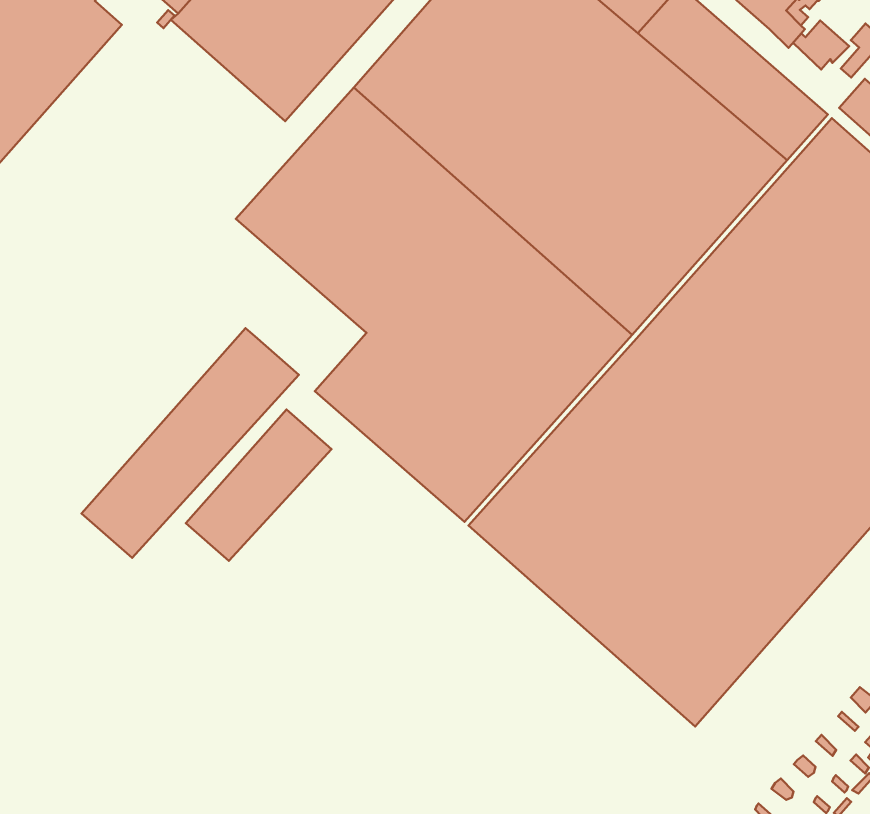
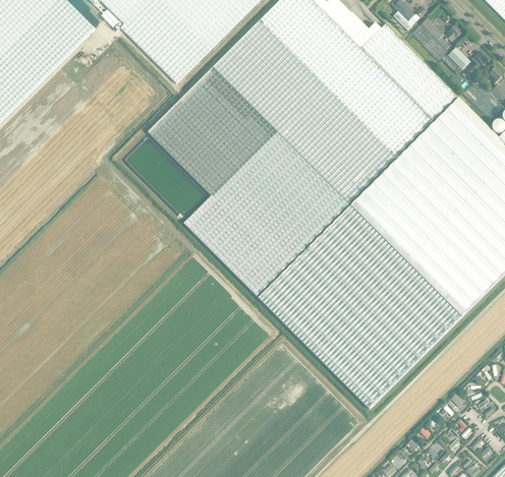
building: [81,328,299,558] -> none
building: [186,410,331,561] -> none

